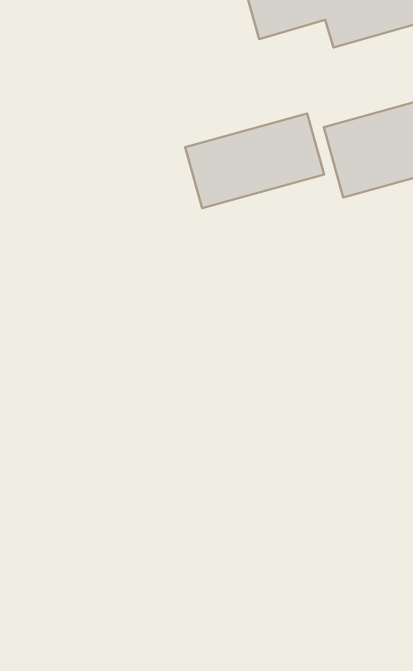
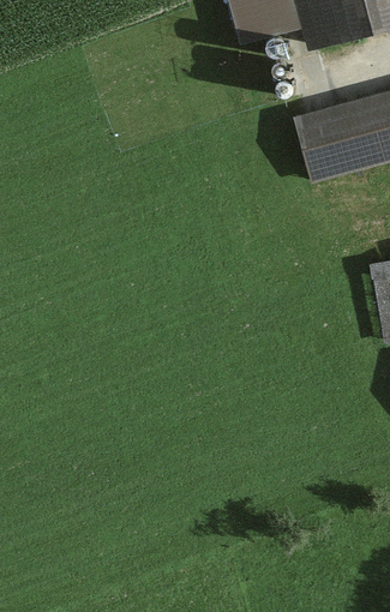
building: [185,113,324,208] -> none

